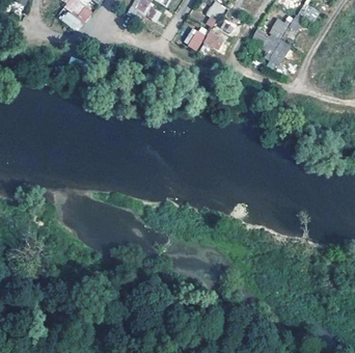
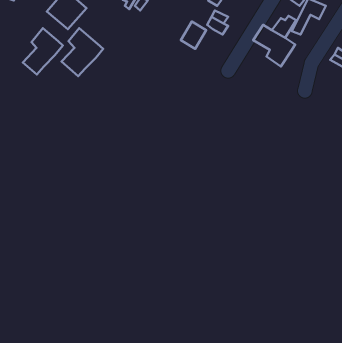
building: none -> [61,28,103,76]
building: none -> [23,28,63,75]

